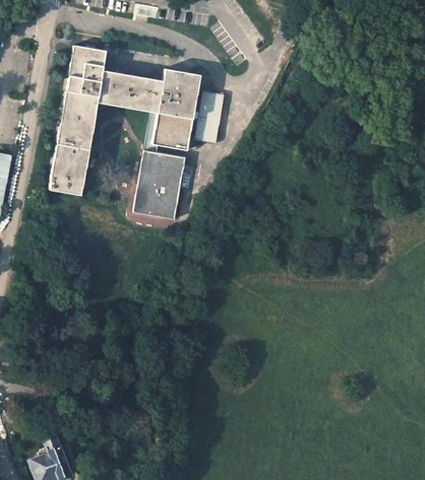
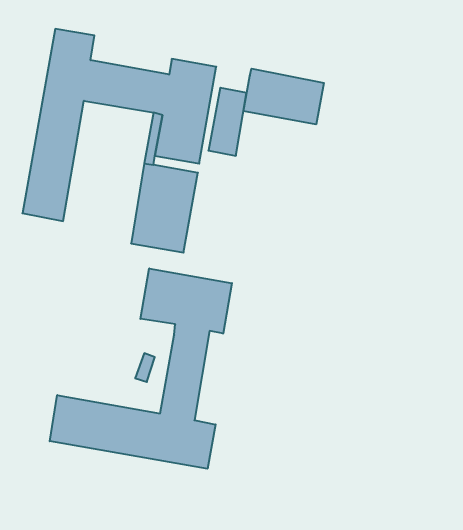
building: none -> [243,69,324,124]
building: none -> [50,268,232,469]

